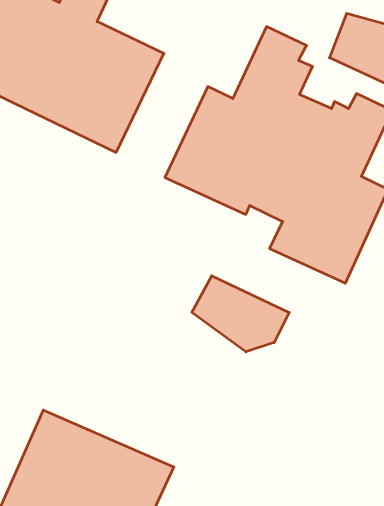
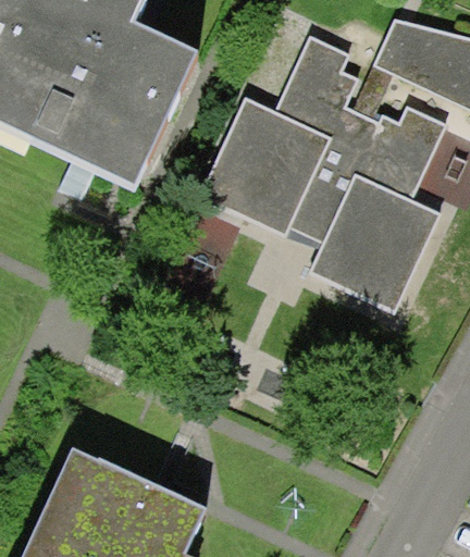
building: [192,276,289,352] -> none

